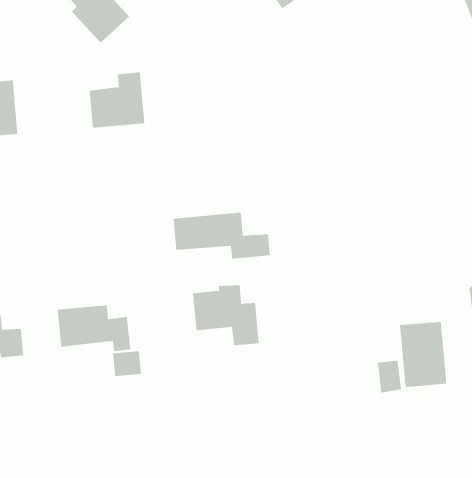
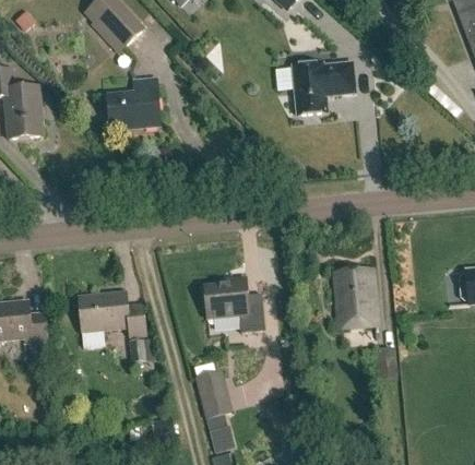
building: none -> [292,61,355,114]
building: [173,212,270,259] -> none
building: [399,321,447,387] -> [332,266,377,327]
building: none -> [193,366,233,449]

